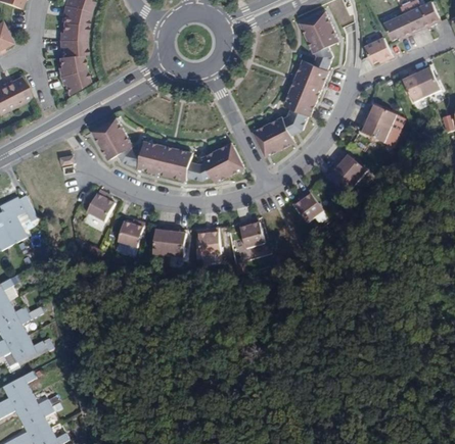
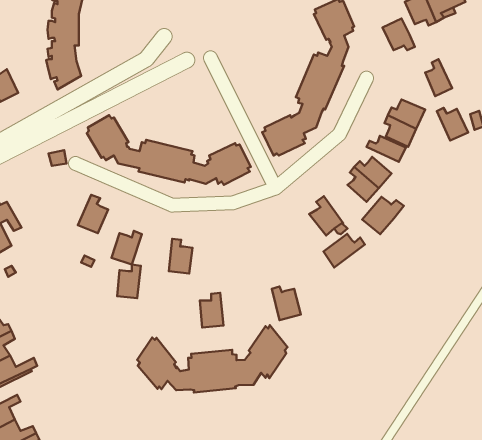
building: [413,64,442,94] -> [437,108,468,140]
building: none -> [367,136,406,162]
building: none -> [362,197,404,234]
building: [240,224,267,254] -> [272,286,301,320]
building: none -> [323,234,365,268]
building: [149,230,171,260] -> [117,265,141,298]
building: [199,234,221,265] -> [200,293,224,328]
building: none -> [137,325,288,393]

